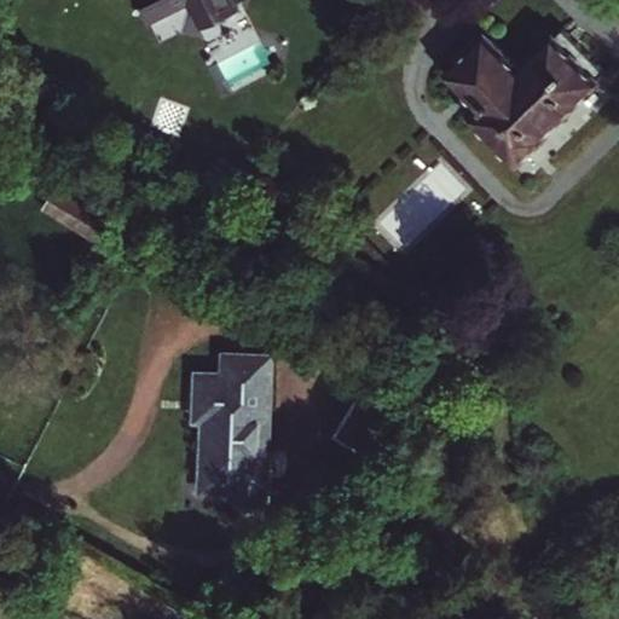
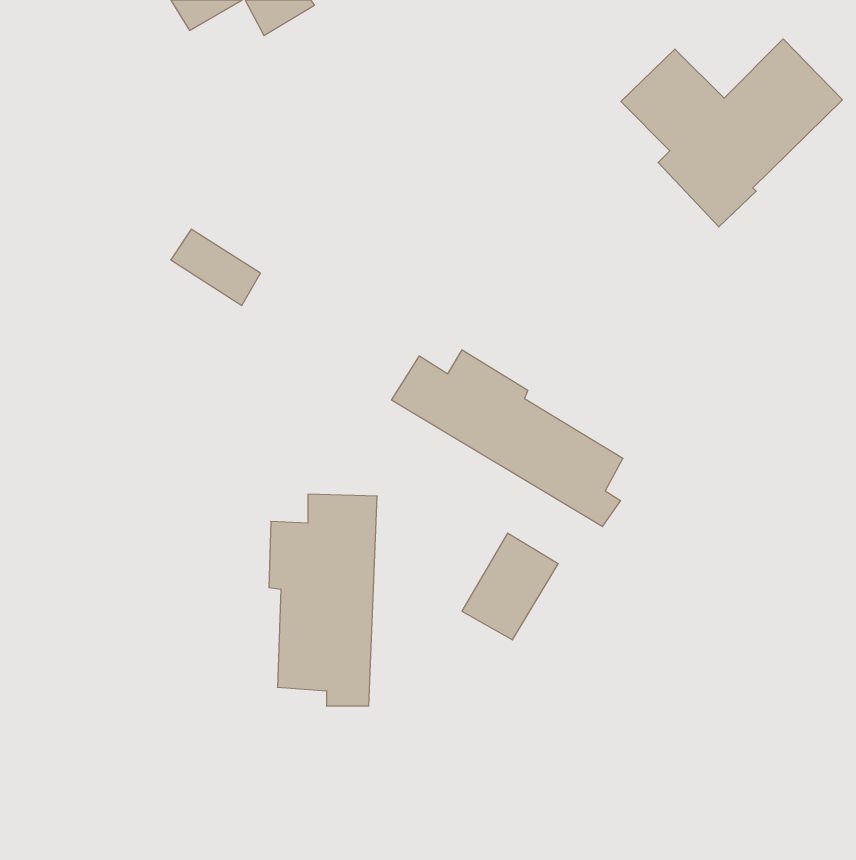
building: [44,190,108,244] -> [171,229,260,305]
building: none -> [391,350,623,527]

